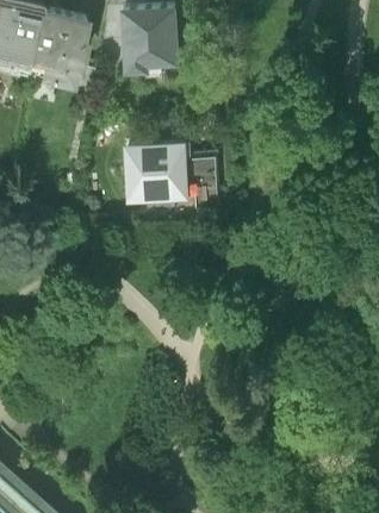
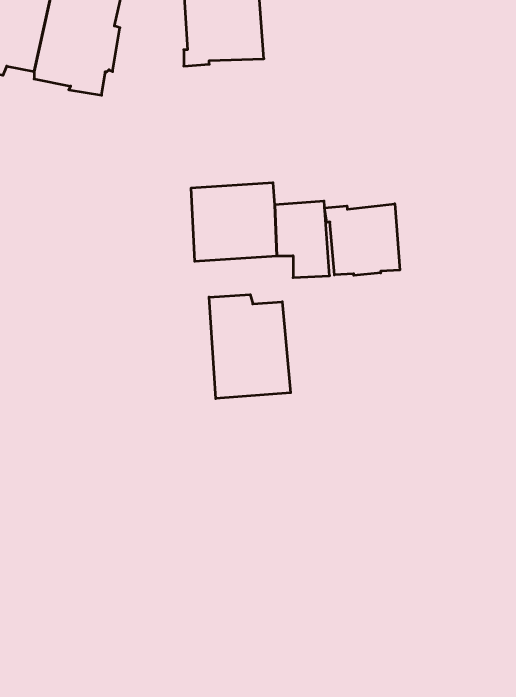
building: none -> [325,204,400,275]
building: none -> [209,295,291,399]

